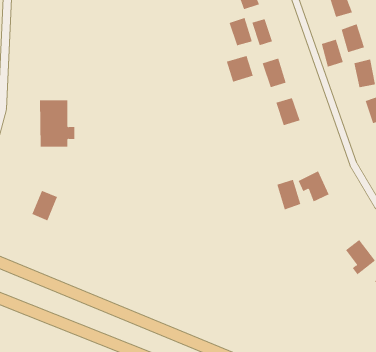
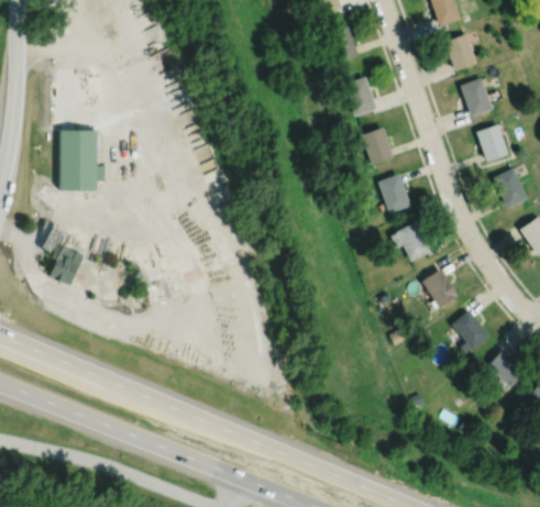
building: [229,17,252,46] -> none
building: [321,39,343,67] -> none
building: [226,55,253,83] -> none
building: [276,179,301,210] -> [378,174,410,213]
building: none -> [421,268,459,308]

